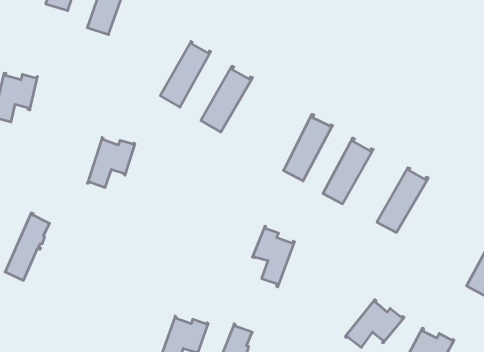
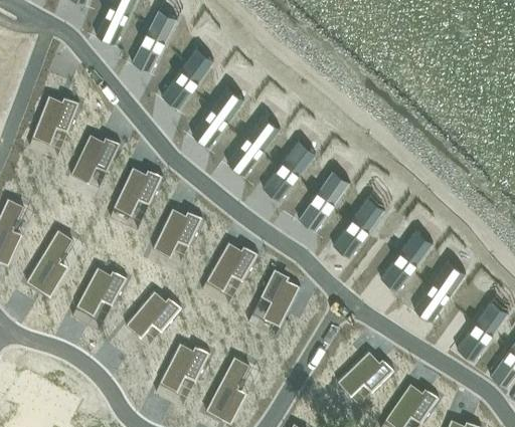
building: none -> [162,49,214,110]
building: none -> [263,142,316,202]
building: none -> [70,135,121,182]
building: none -> [153,209,203,256]
building: none -> [414,262,466,323]
building: none -> [206,243,259,289]
building: none -> [76,268,128,314]
building: none -> [126,291,182,336]

